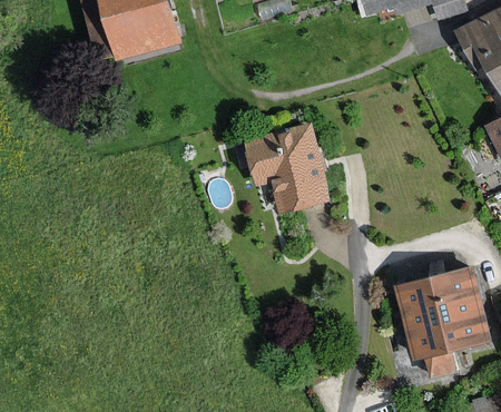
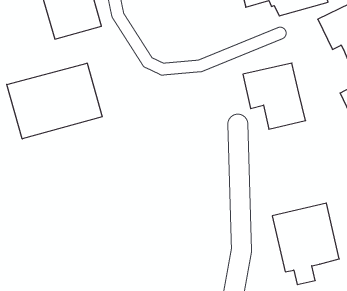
building: none -> [7,63,102,139]
building: [245,125,326,210] -> [243,63,306,129]

